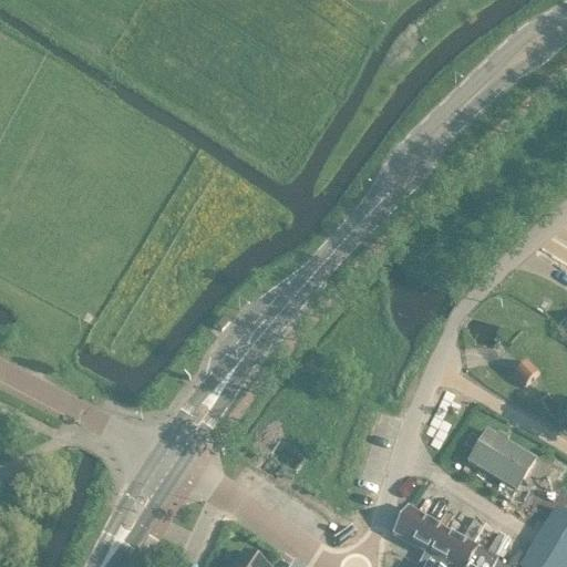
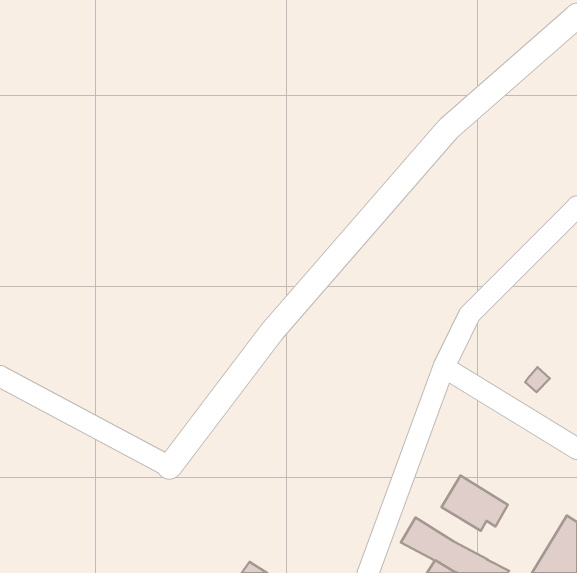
building: [470,429,535,483] -> [441,476,508,531]

